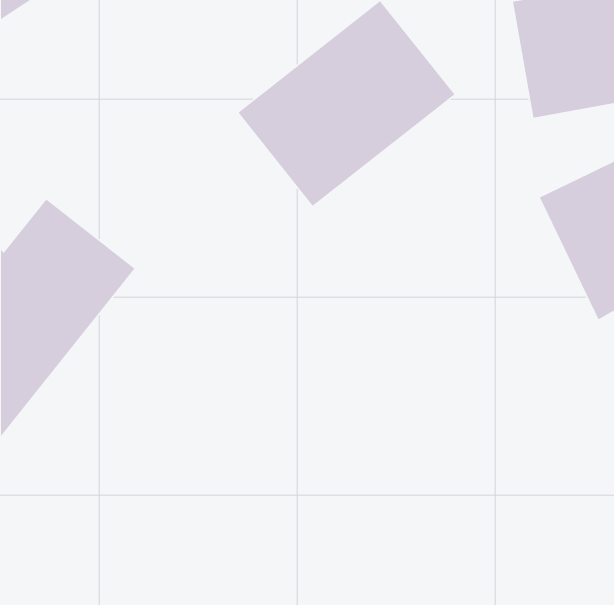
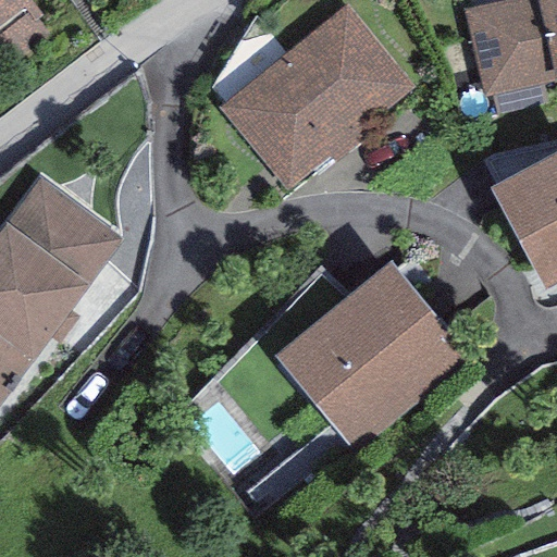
building: none -> [269,259,466,454]

